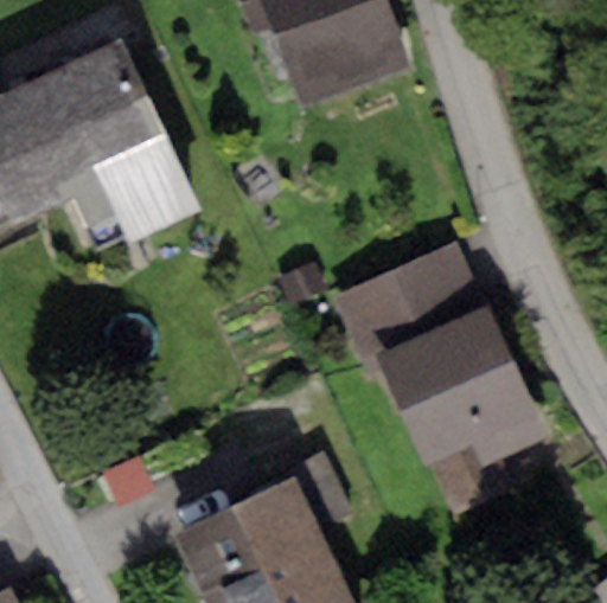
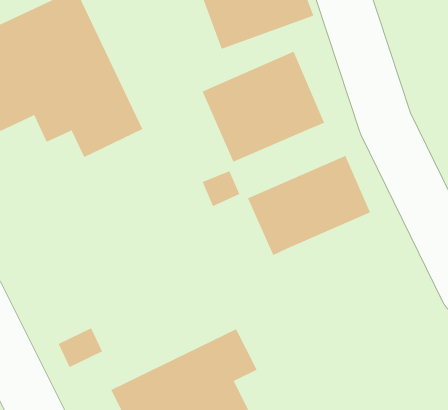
building: none -> [202,51,325,163]
building: [382,313,542,521] -> none

